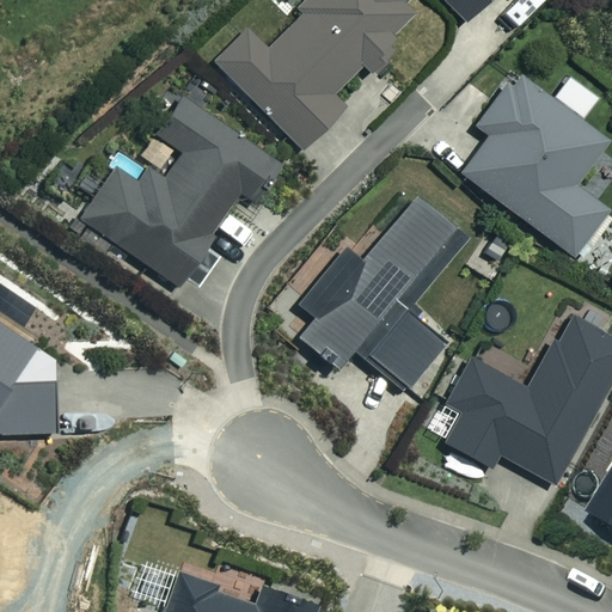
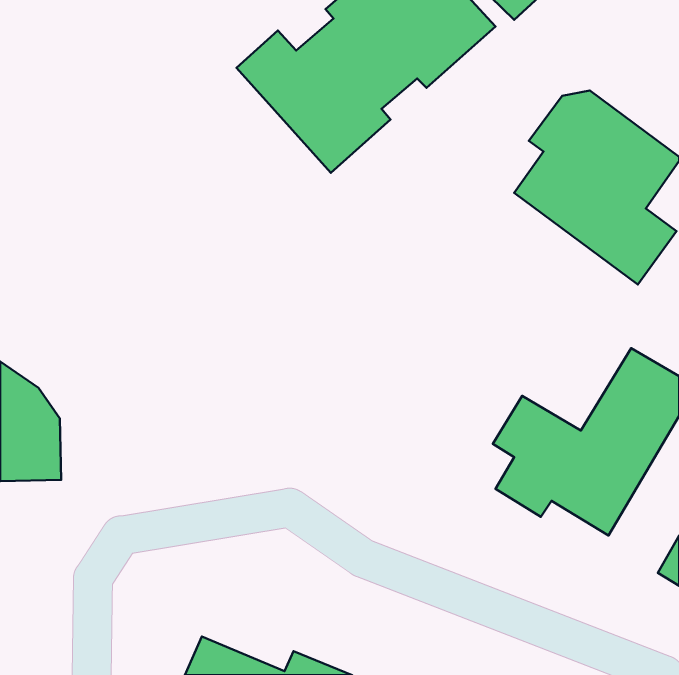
building: [81,96,282,286] -> none
building: [300,198,466,391] -> none

